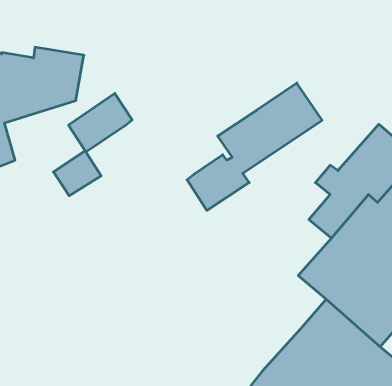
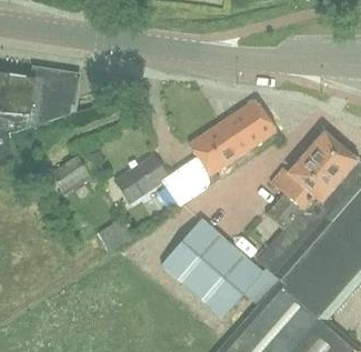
building: [69,93,132,152] -> [114,152,168,201]
building: none -> [159,217,262,318]

